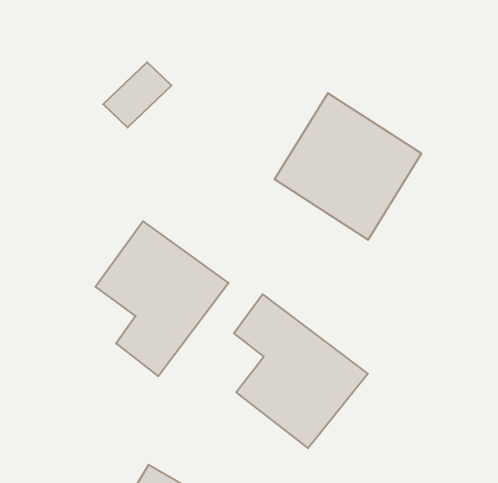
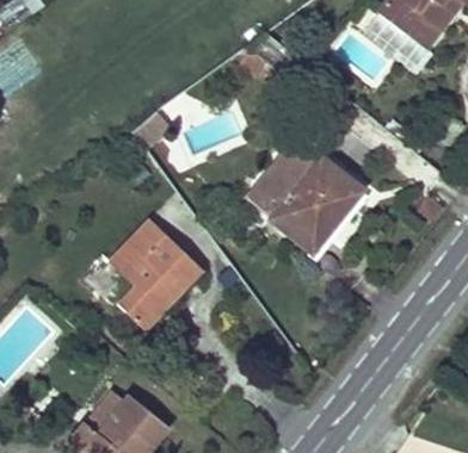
building: [234,294,368,448] -> none

